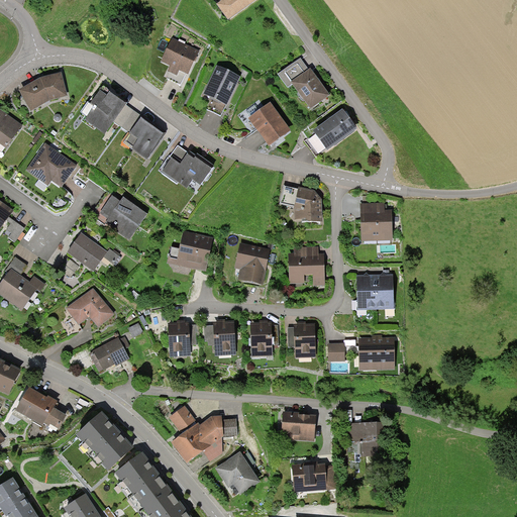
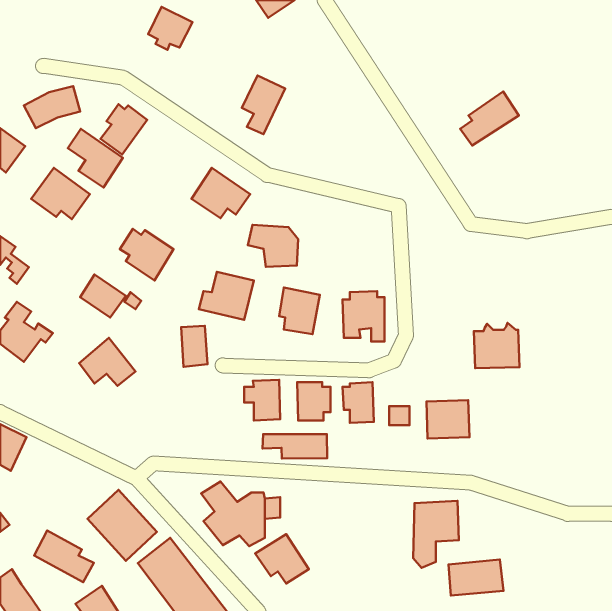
building: [162,37,199,74] -> [148,7,193,50]
building: [279,59,328,107] -> none
building: [248,101,289,143] -> none
building: [116,106,163,156] -> [68,129,123,188]
building: [306,109,355,154] -> [460,92,519,146]
building: [280,185,322,220] -> [248,225,298,267]
building: [360,202,393,238] -> none
building: [353,273,392,311] -> [474,323,519,368]
building: [169,323,191,357] -> [181,326,207,367]
building: [94,337,130,369] -> none
building: none -> [262,434,327,458]
building: [15,386,66,429] -> [34,530,94,582]
building: [282,414,317,441] -> none
building: [293,461,339,492] -> [448,560,503,596]

